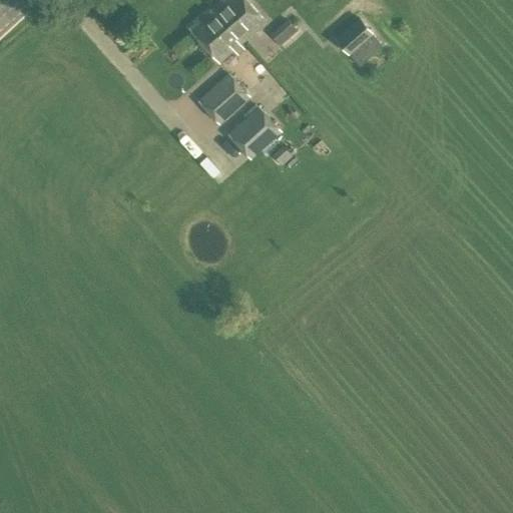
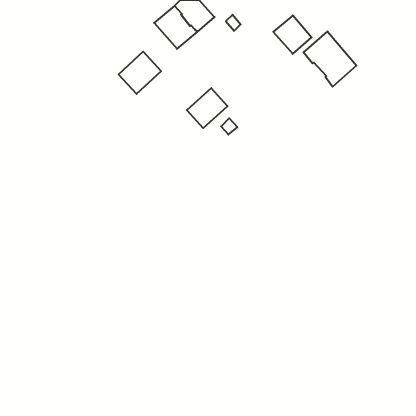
building: none -> [304,31,356,87]
building: [197,73,249,125] -> [119,52,161,94]

